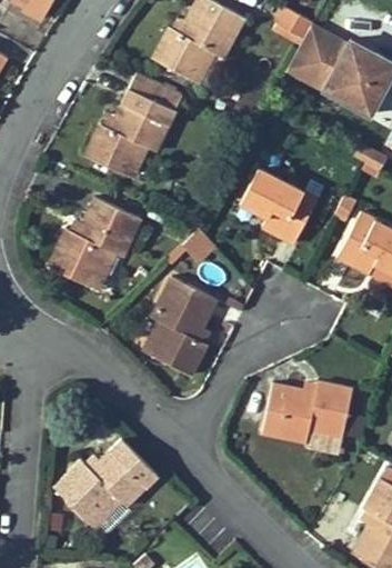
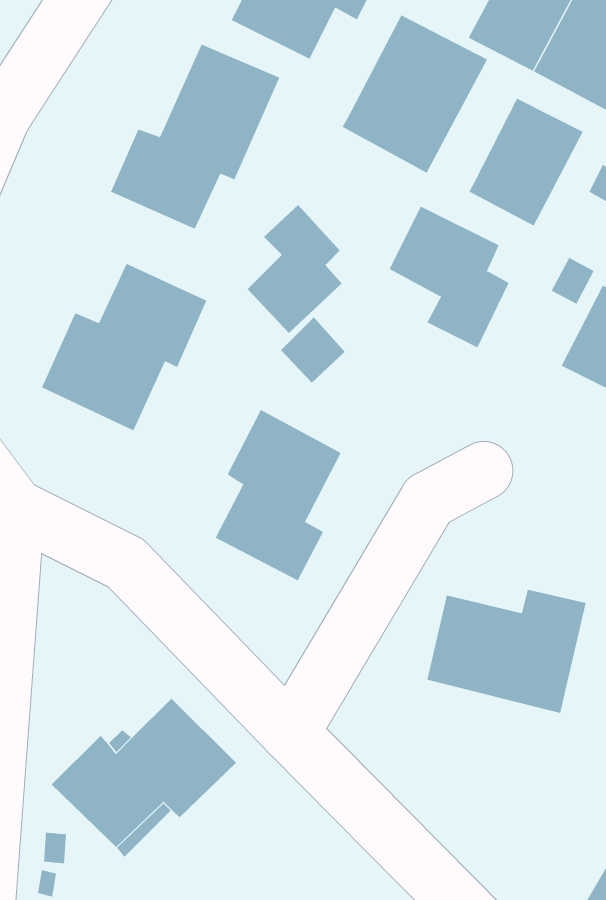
building: none -> [342,14,488,174]
building: none -> [469,98,583,227]
building: none -> [247,204,342,334]

